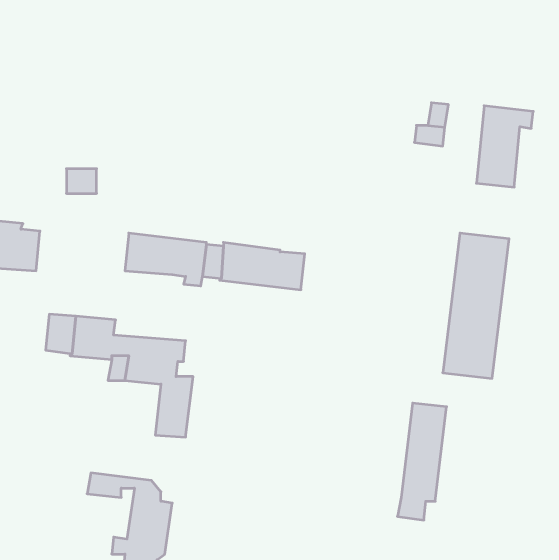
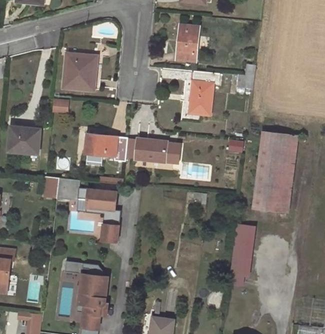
building: none -> [176,24,199,61]
building: none -> [63,54,96,89]
building: [476,106,533,187] -> [189,71,219,114]

